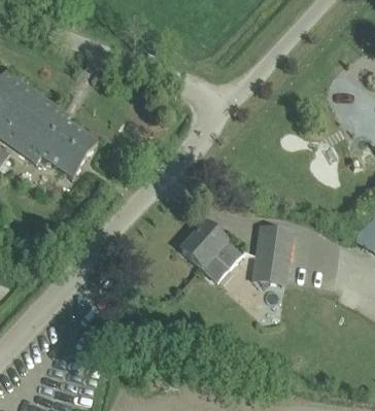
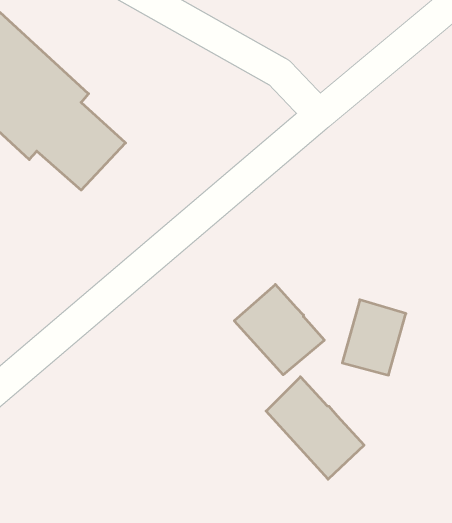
building: none -> [266,377,364,479]

